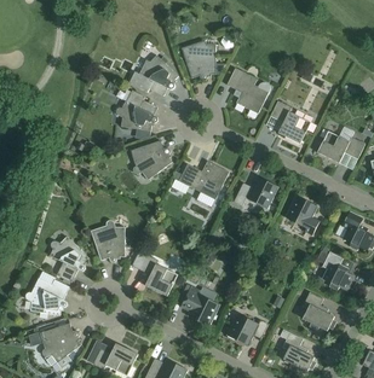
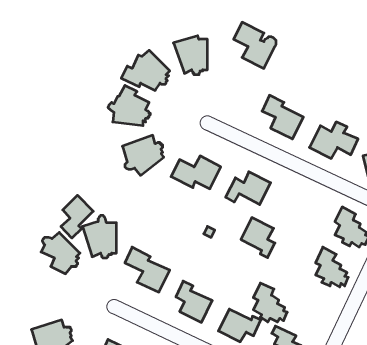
building: [226,66,269,112] -> [234,22,276,68]
building: [284,194,318,234] -> [241,218,275,258]
building: none -> [61,195,93,238]
building: [24,277,67,314] -> none
building: [301,291,335,330] -> [253,283,287,322]

